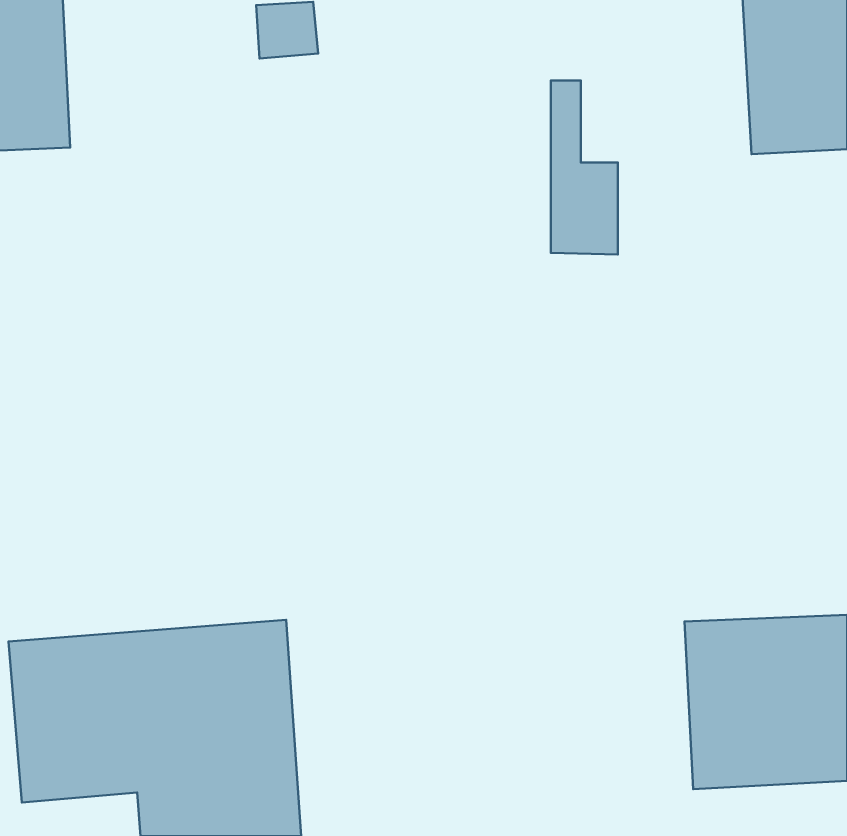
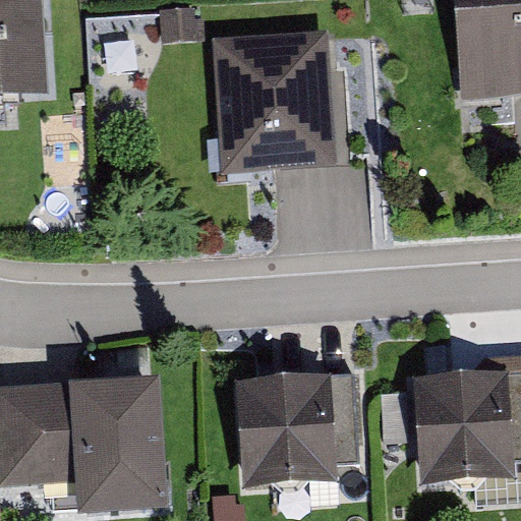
building: none -> [209,26,333,170]
building: none -> [242,374,349,498]

